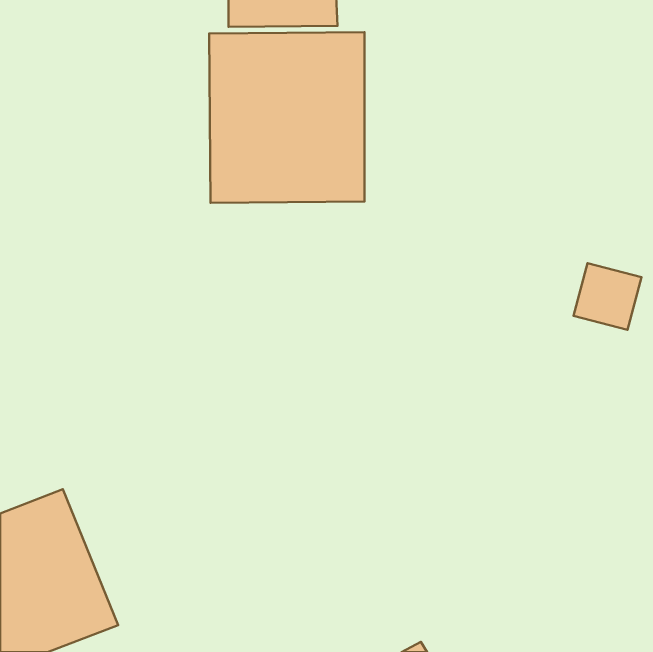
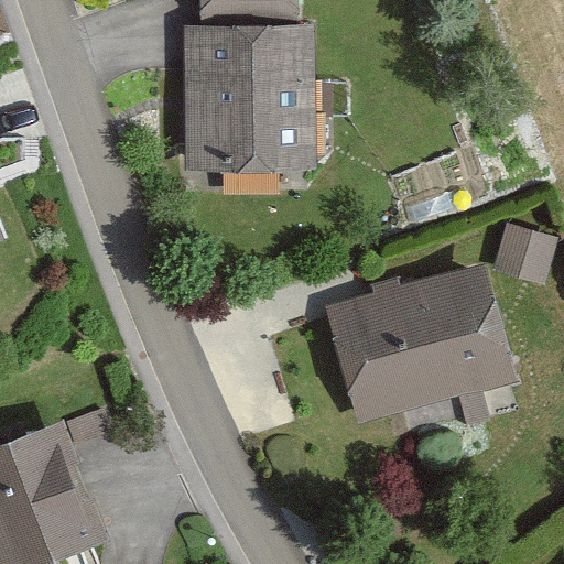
building: none -> [327,264,514,422]

